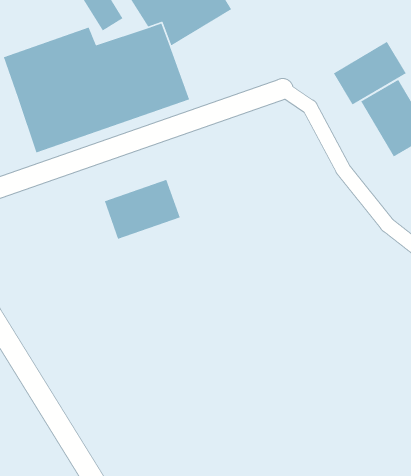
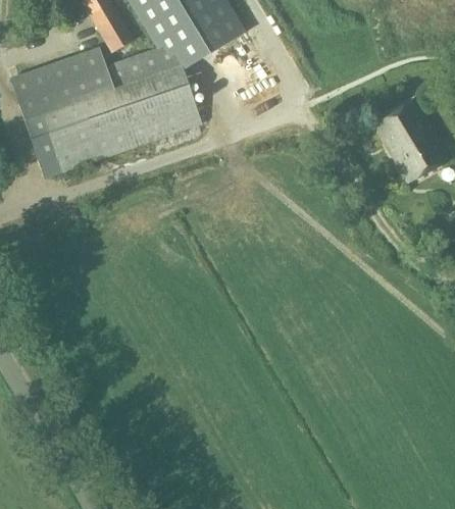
building: [333,41,407,106] -> none
building: [104,179,181,240] -> none

